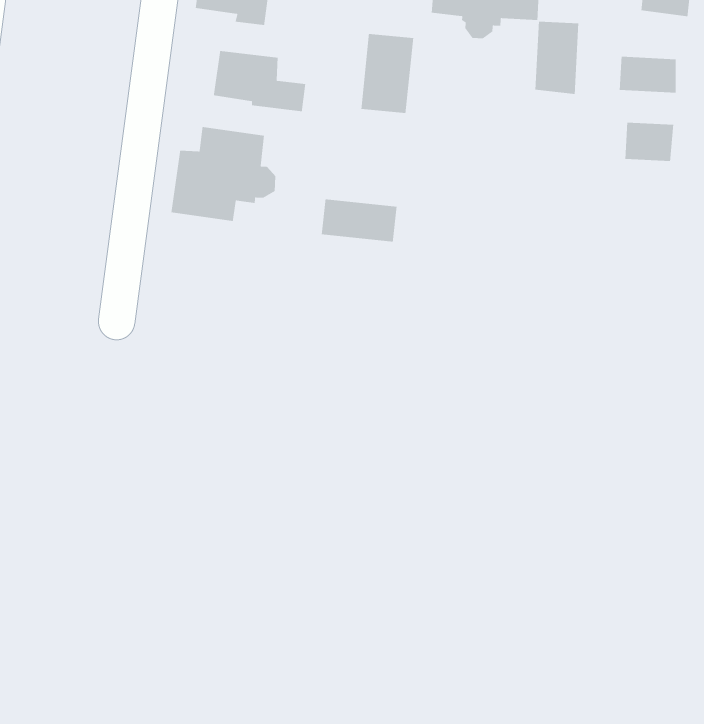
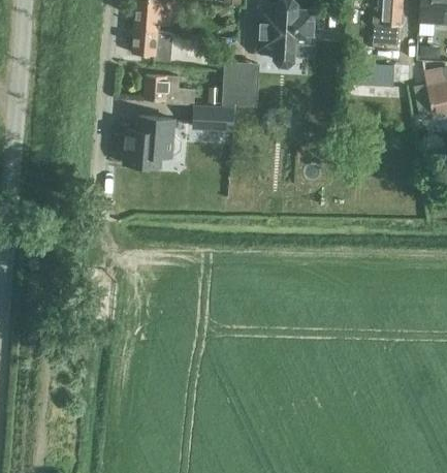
building: [534,21,579,95] -> none
building: [625,122,674,162] -> none
building: [321,199,397,243] -> [192,108,232,130]

